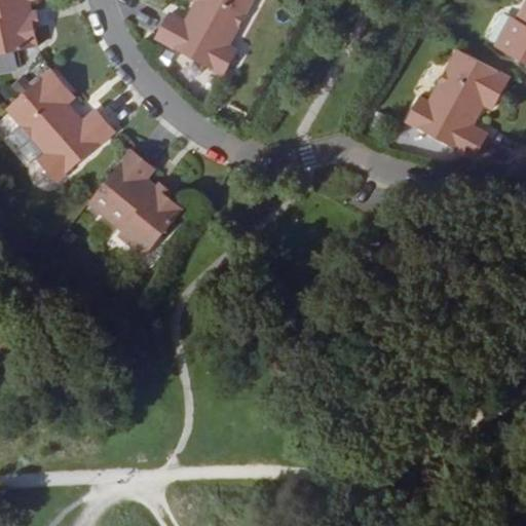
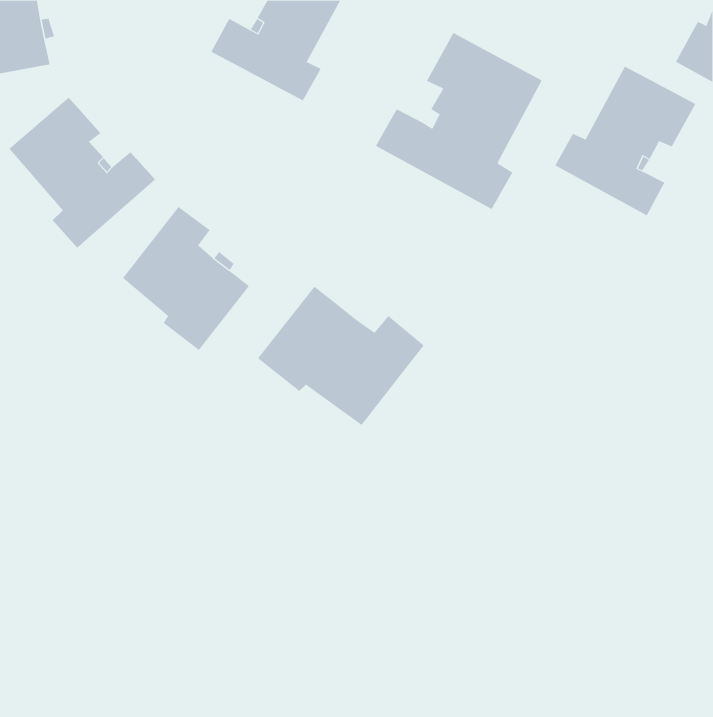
building: none -> [375,32,543,210]
building: none -> [257,286,425,426]

